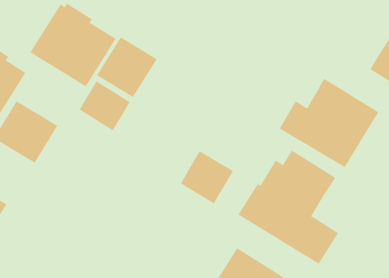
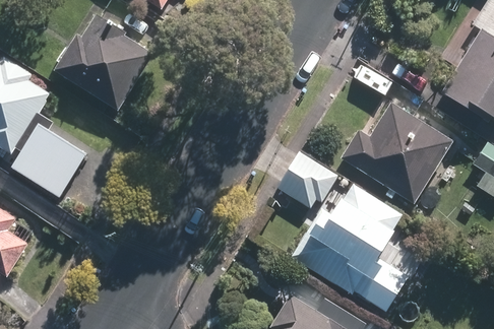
building: [96,37,157,98] -> none
building: [79,81,131,131] -> none
building: [180,150,234,204] -> [279,149,339,210]

